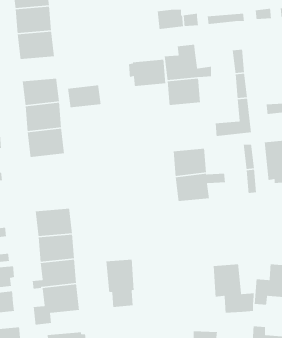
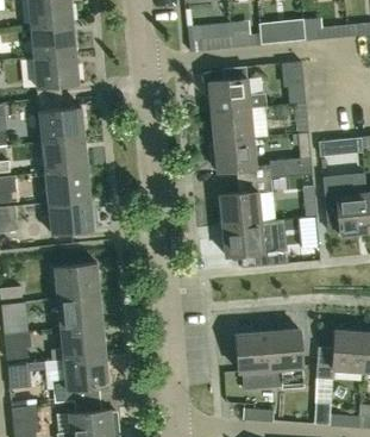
building: [128,59,166,87] -> [209,137,255,170]
building: [67,84,101,108] -> none
building: none -> [49,198,93,233]
building: [106,259,134,308] -> [234,331,269,389]

